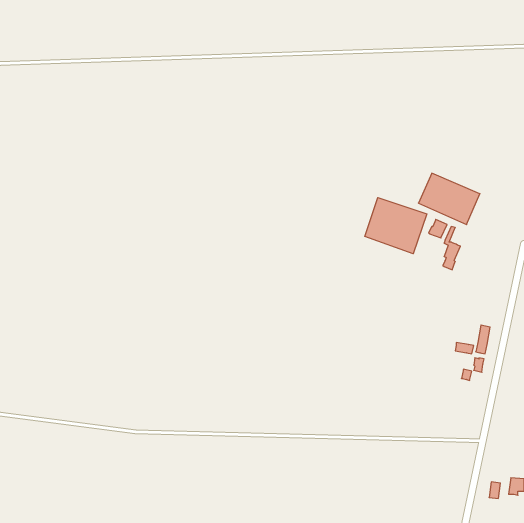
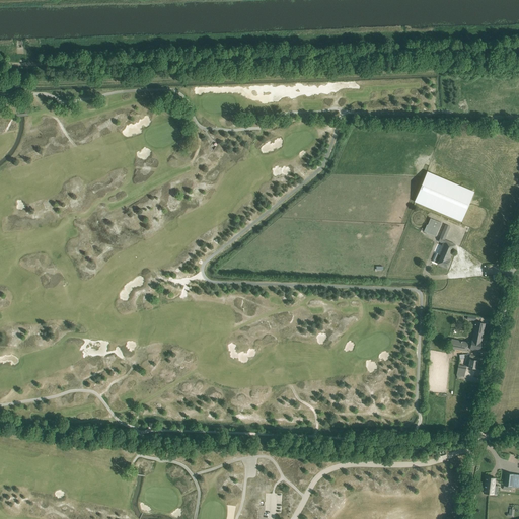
building: [365,198,427,254] -> none

